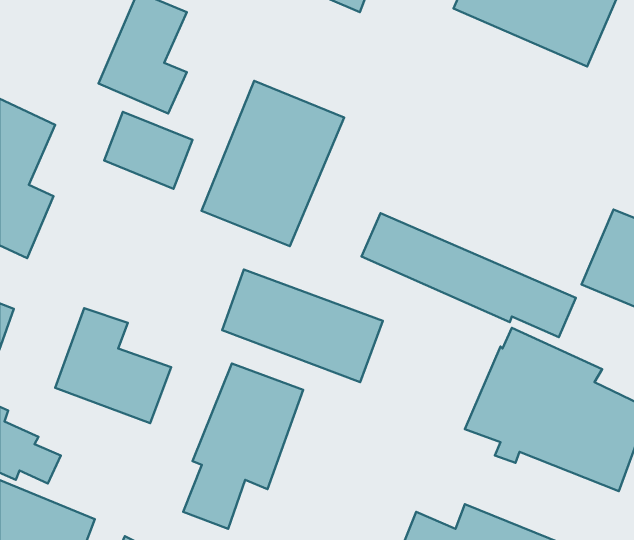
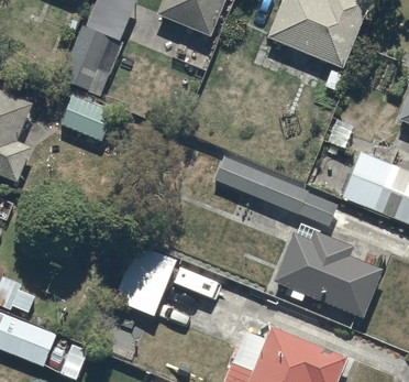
building: [202,81,344,246] -> none
building: [222,270,383,382] -> none
building: [55,308,171,423] -> none

